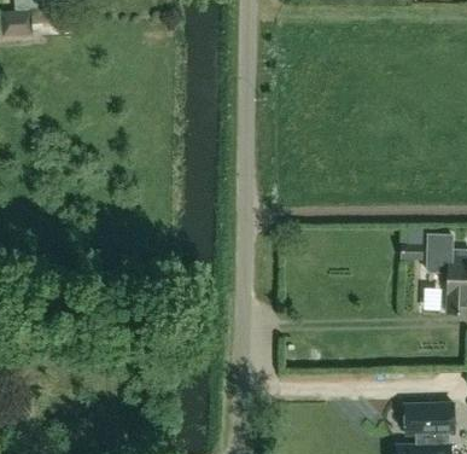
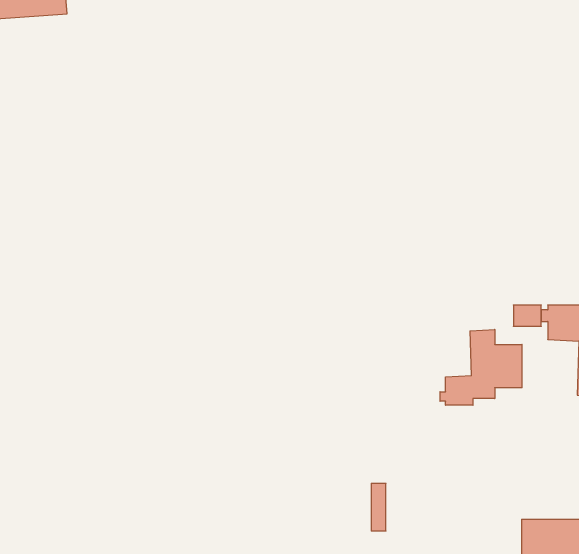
building: none -> [440,329,522,405]

